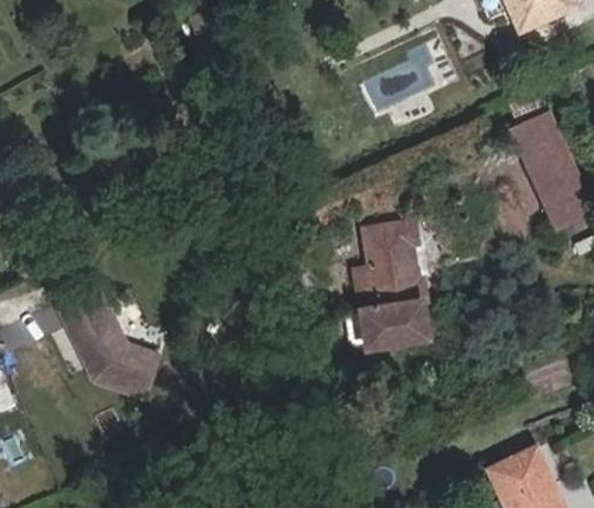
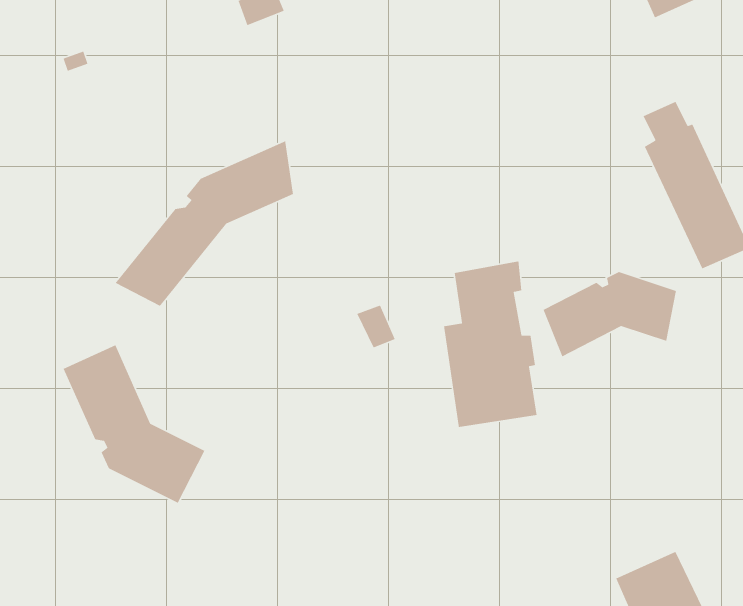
building: none -> [114,140,294,307]
building: none -> [543,271,677,357]

